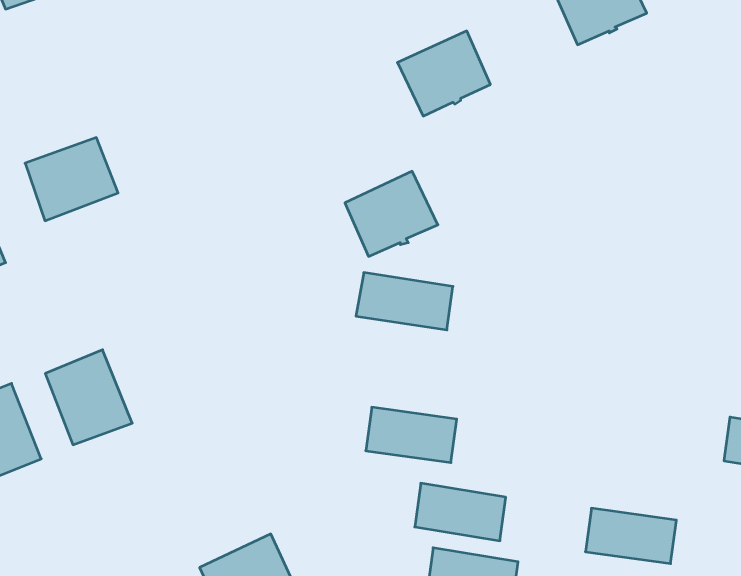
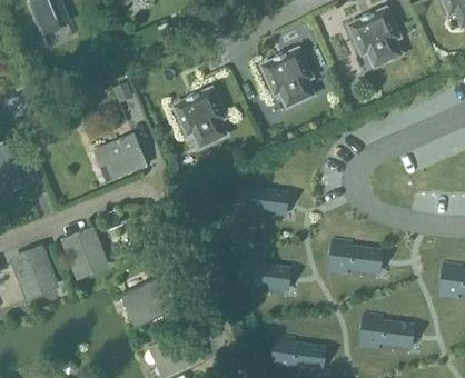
building: [25,138,118,221] -> [95,136,147,182]
building: [345,171,438,256] -> [172,89,225,137]
building: none -> [119,276,179,329]
building: [415,483,506,541] -> [333,242,384,275]

